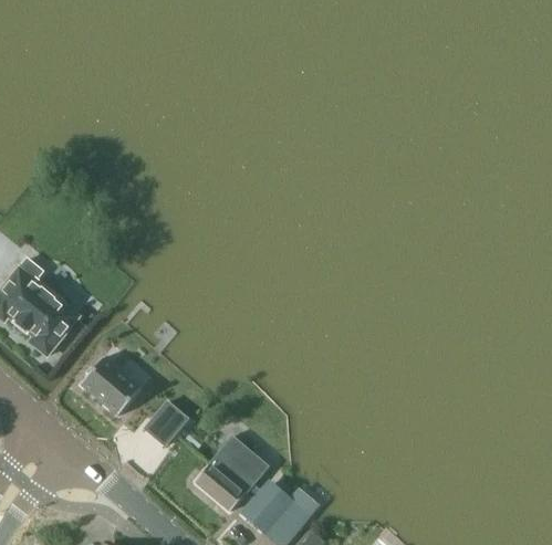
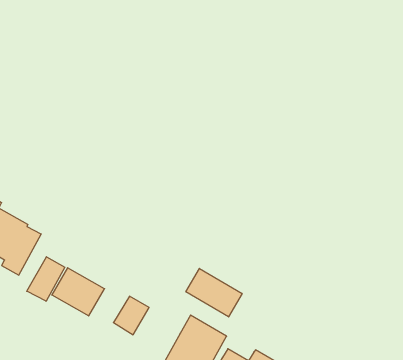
building: none -> [27,257,65,301]
building: none -> [186,268,242,317]

